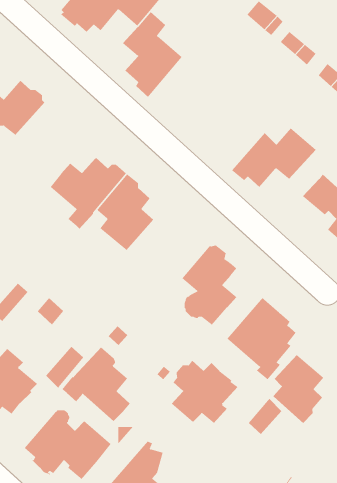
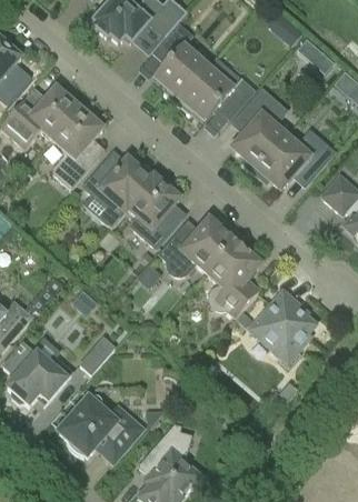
building: none -> [176,57,256,121]
building: none -> [232,90,286,171]
building: none -> [51,108,102,188]
building: none -> [160,220,233,275]
building: [62,347,131,422] -> none
building: [270,354,324,424] -> none
building: [171,360,239,424] -> none

